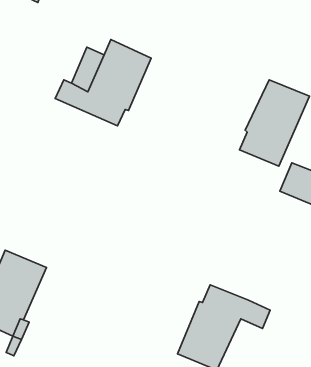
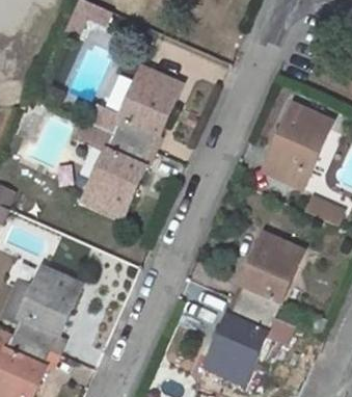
building: none -> [76,122,147,218]
building: none -> [236,233,302,316]

